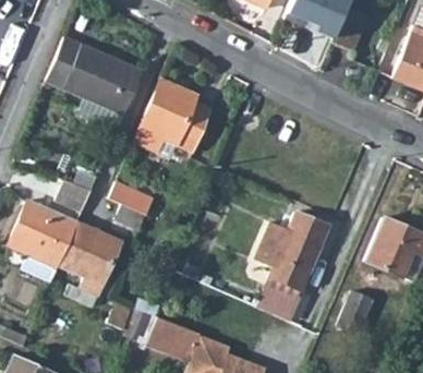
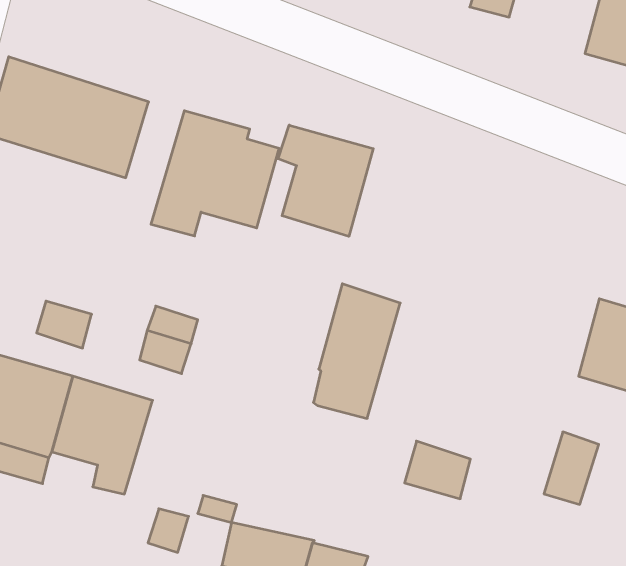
building: none -> [278,125,373,236]
building: [269,210,326,289] -> [313,284,400,418]

